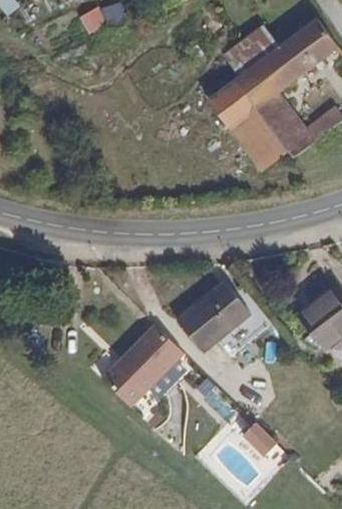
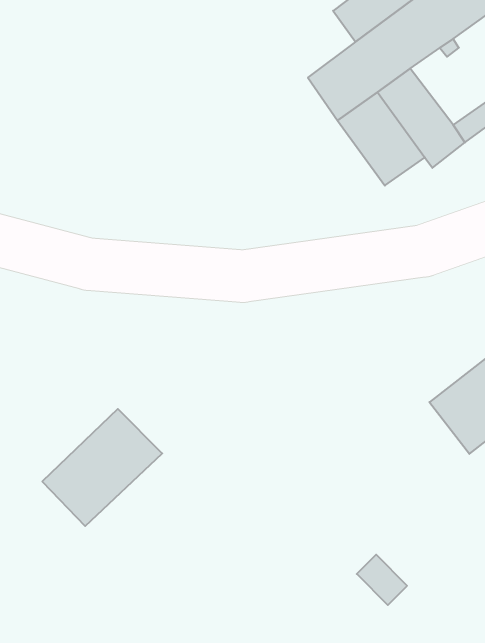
building: [175,277,252,352] -> none
building: [104,325,186,404] -> [42,409,162,526]

